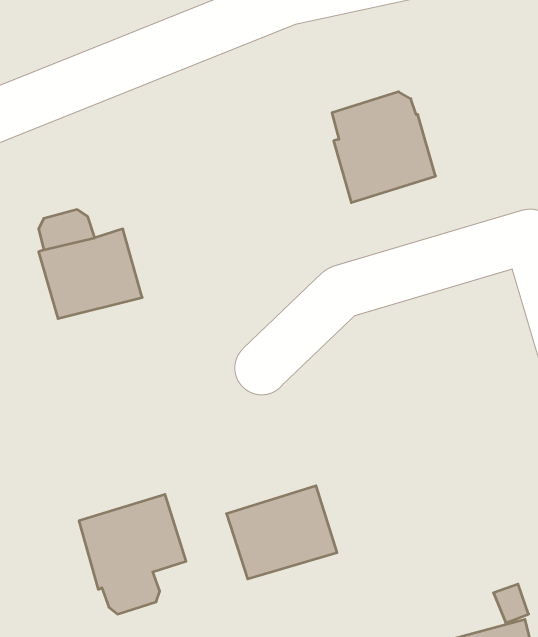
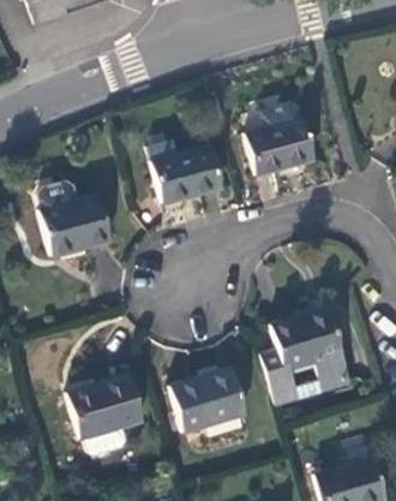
building: none -> [149,138,218,201]
building: none -> [260,308,352,404]

